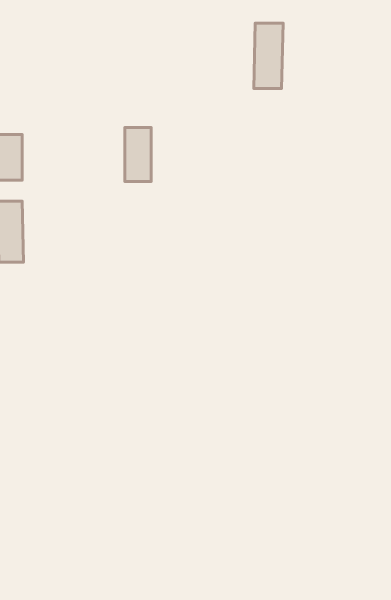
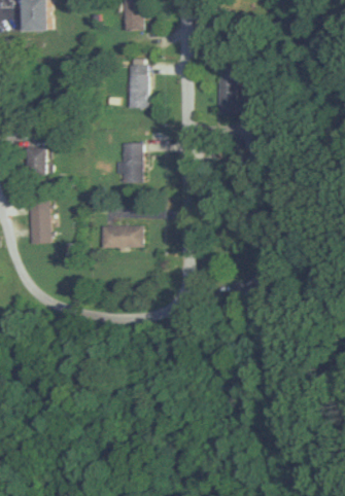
building: none -> [126,64,146,108]
building: none -> [102,224,142,246]

